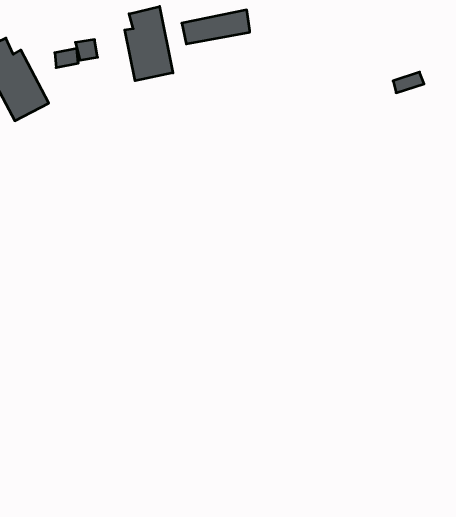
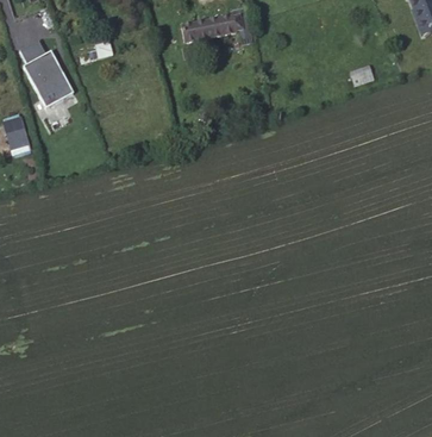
building: [125,6,173,81] -> none

